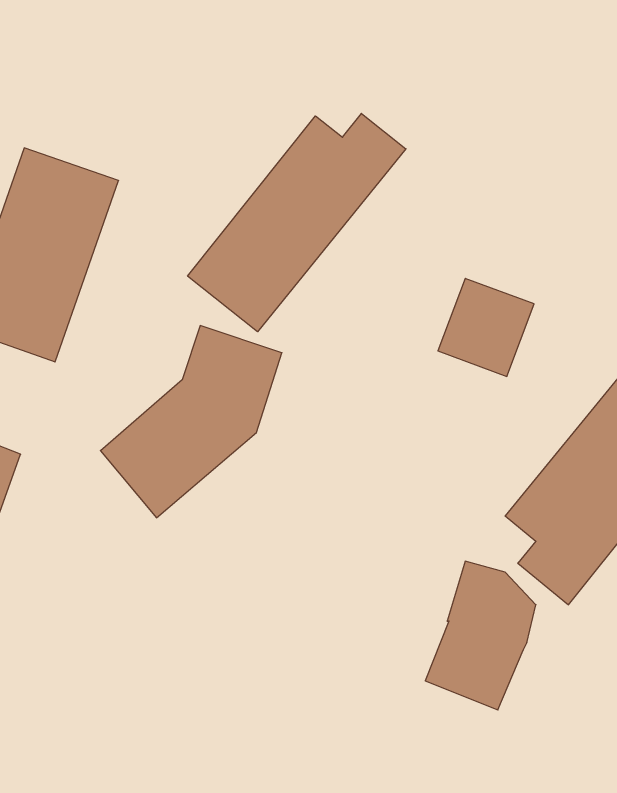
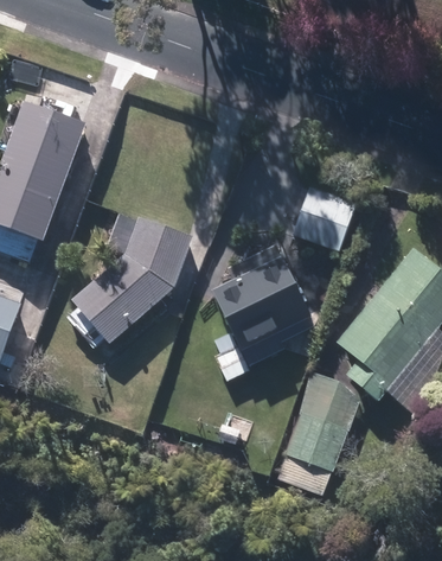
building: [188,113,406,332] -> none
building: none -> [213,250,308,349]

